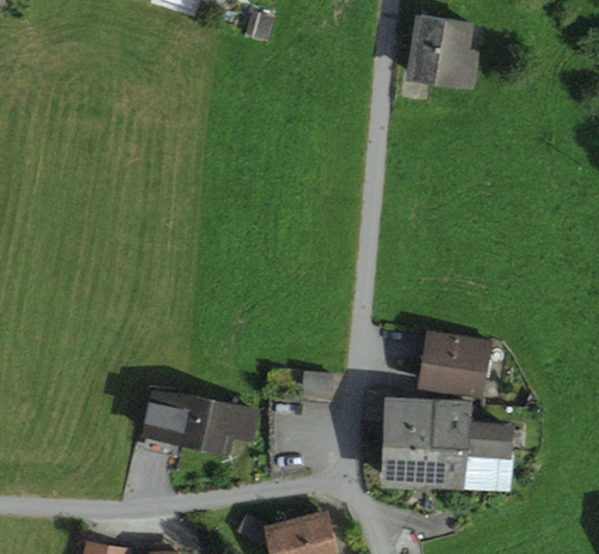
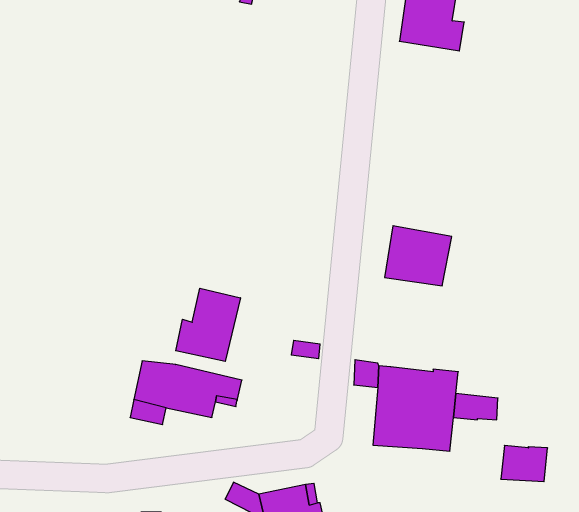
building: none -> [176,288,240,361]
building: [424,331,491,391] -> [385,226,452,286]
building: [462,449,509,485] -> [501,445,548,482]

